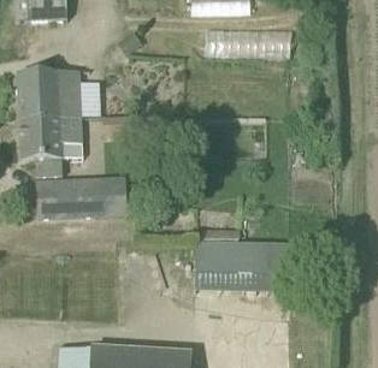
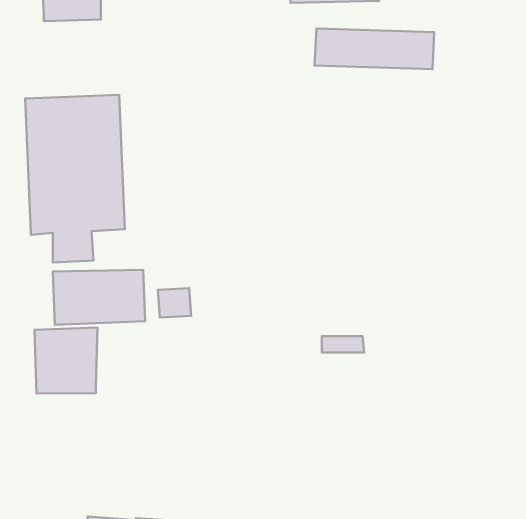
building: none -> [34,328,98,394]
building: [193,241,291,291] -> none

